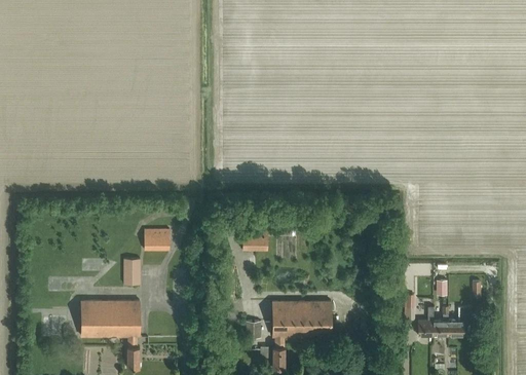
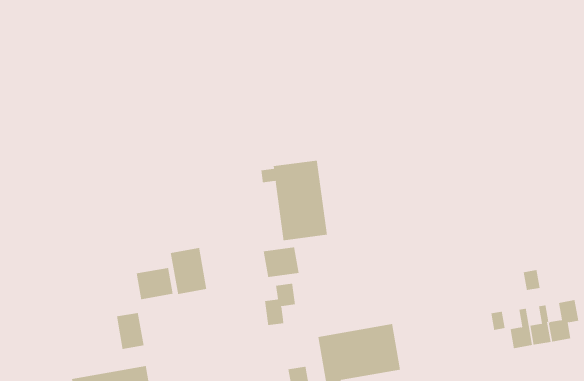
building: none -> [261,160,327,241]
building: none -> [170,247,207,295]
building: none -> [265,283,295,326]

